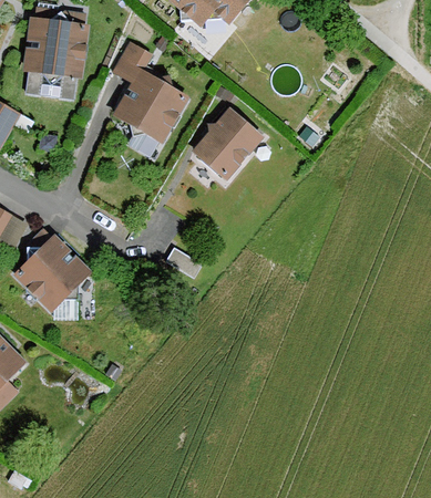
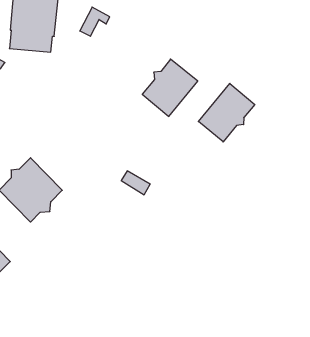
building: [114,69,189,143] -> none
building: none -> [198,83,255,142]

